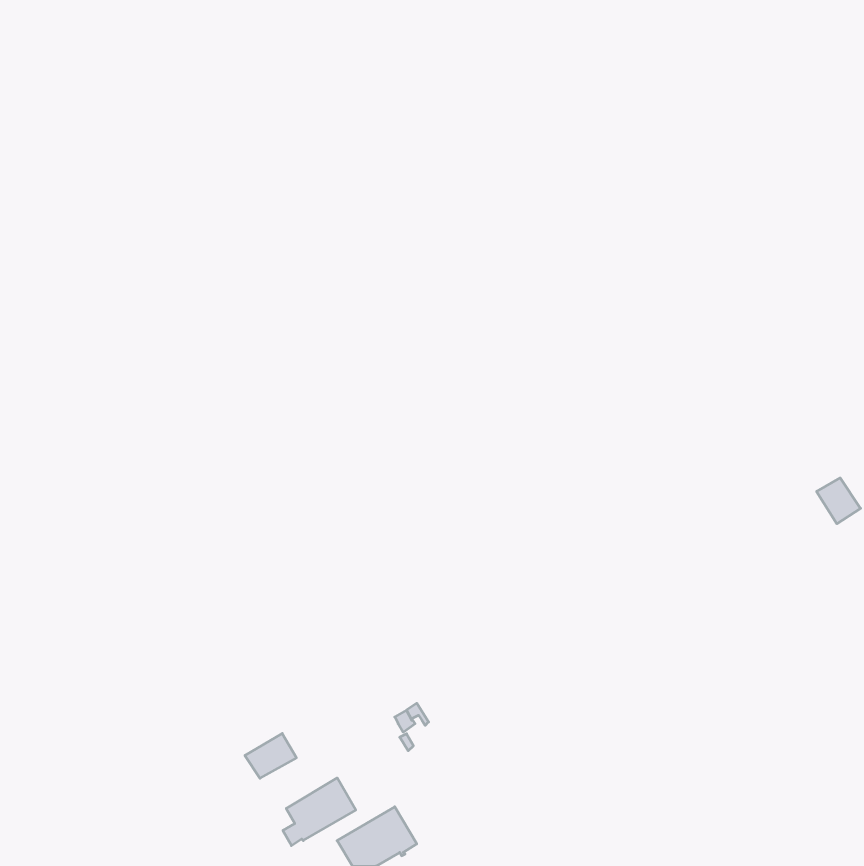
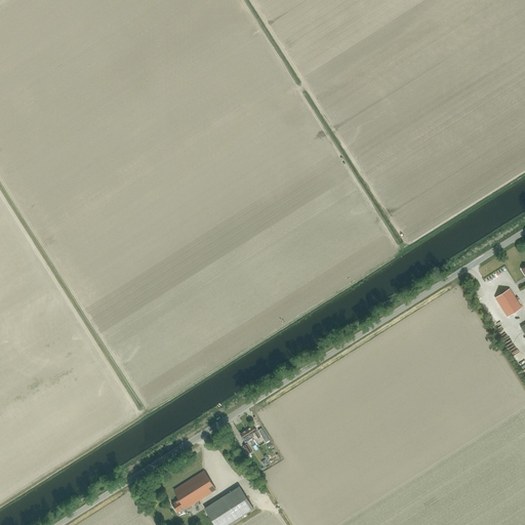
building: [245,733,296,778] -> none

